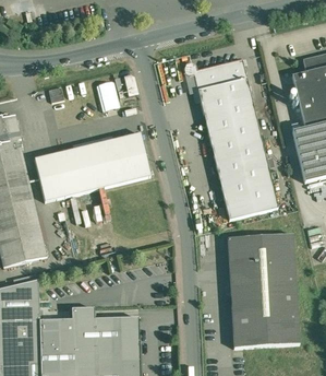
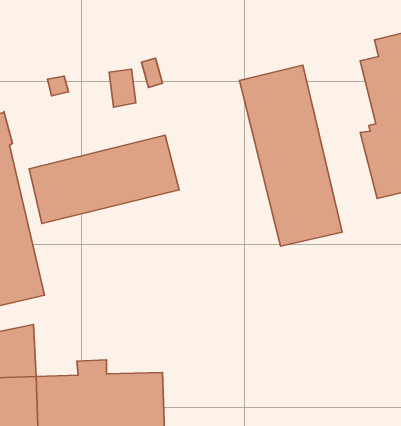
building: [183,59,246,90] -> none
building: [227,234,299,346] -> none

